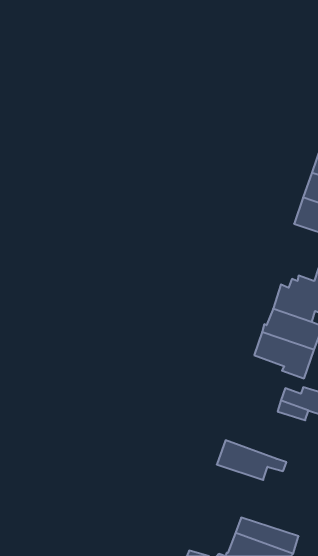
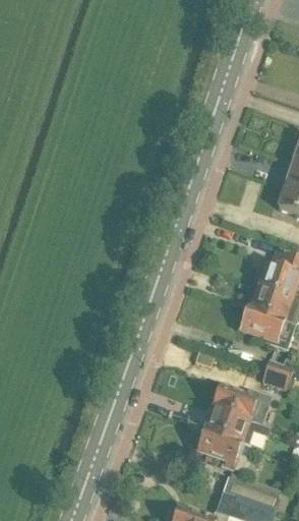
building: none -> [211,385,265,423]
building: none -> [196,428,250,471]

